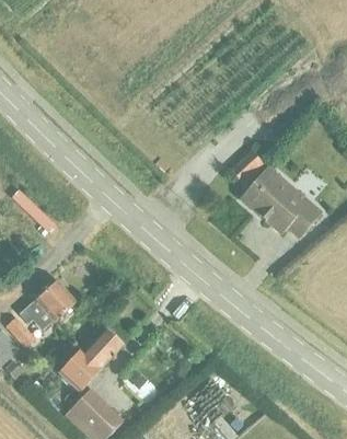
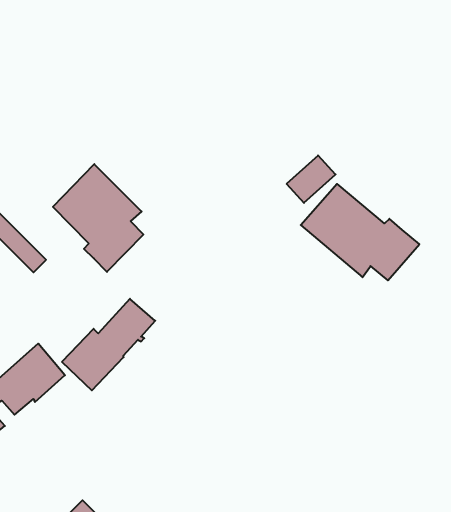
building: none -> [53,164,143,272]
building: [59,328,124,392] -> [62,299,155,390]

